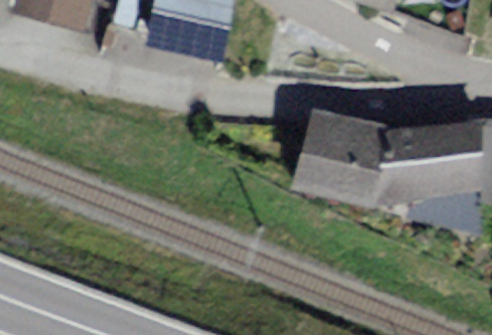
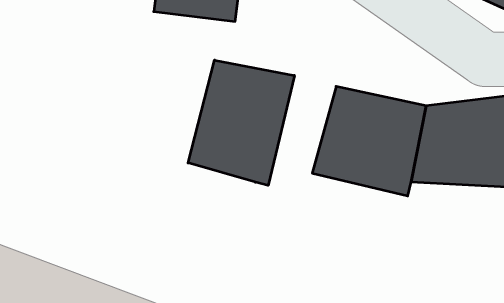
building: none -> [188,60,294,185]

